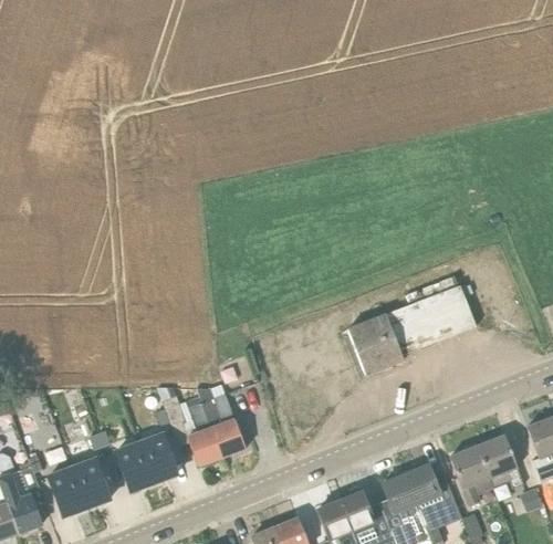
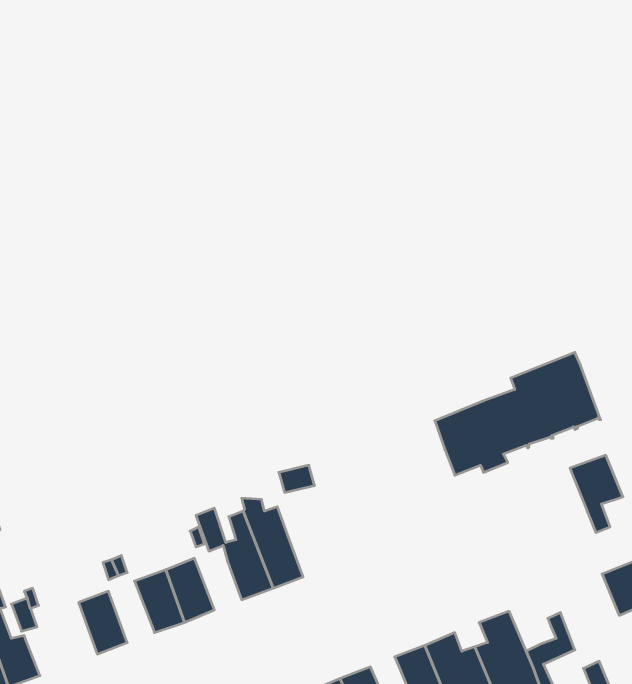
building: [449,447,490,506] -> [570,455,623,532]
building: [405,465,441,506] -> none
building: [49,469,86,517] -> none

